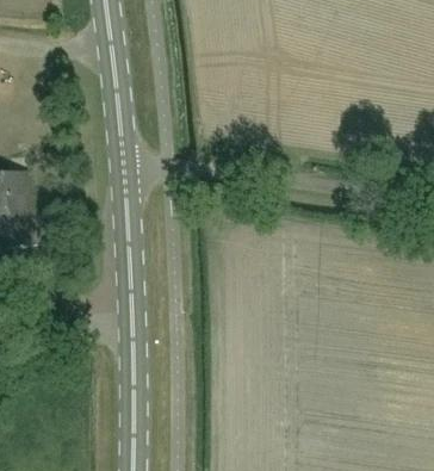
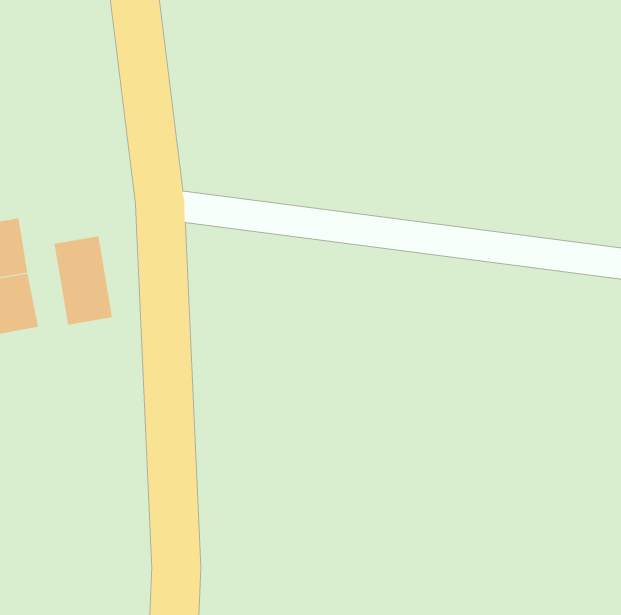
building: none -> [54,235,113,326]

